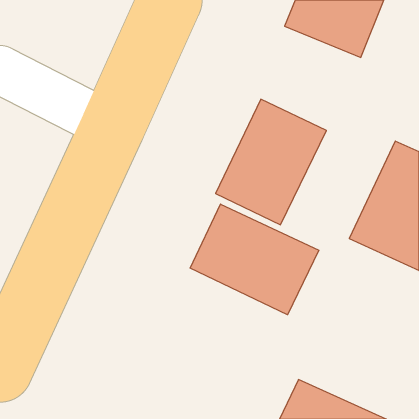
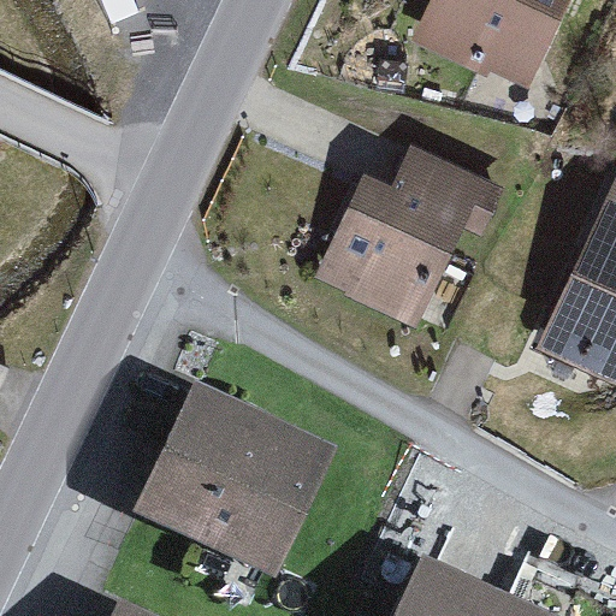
building: [190,204,319,315] -> none
building: none -> [156,390,343,567]

